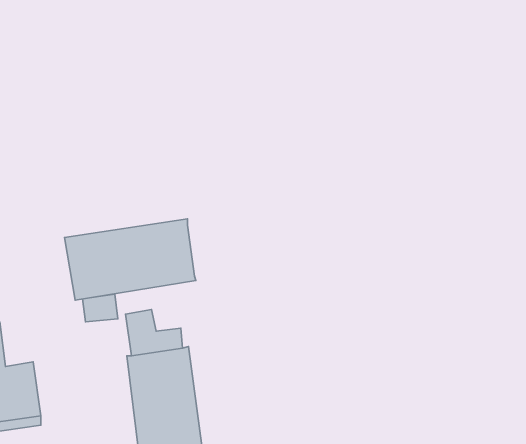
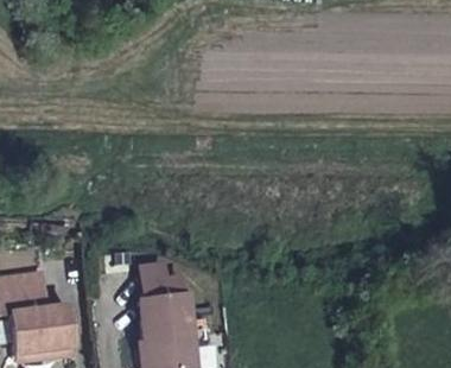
building: [65,219,196,300] -> none

